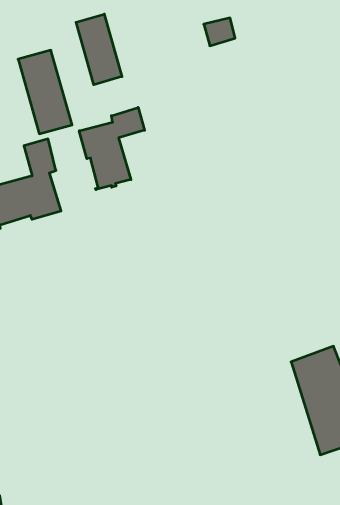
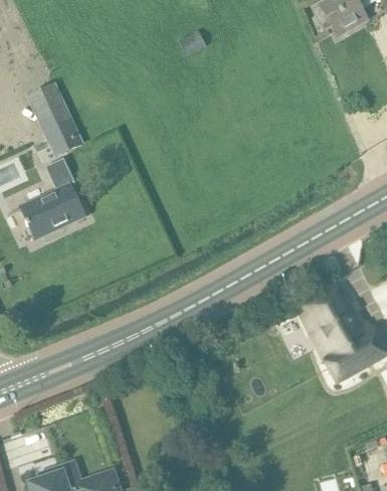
building: [76,14,122,85] -> none
building: [79,107,145,190] -> none

